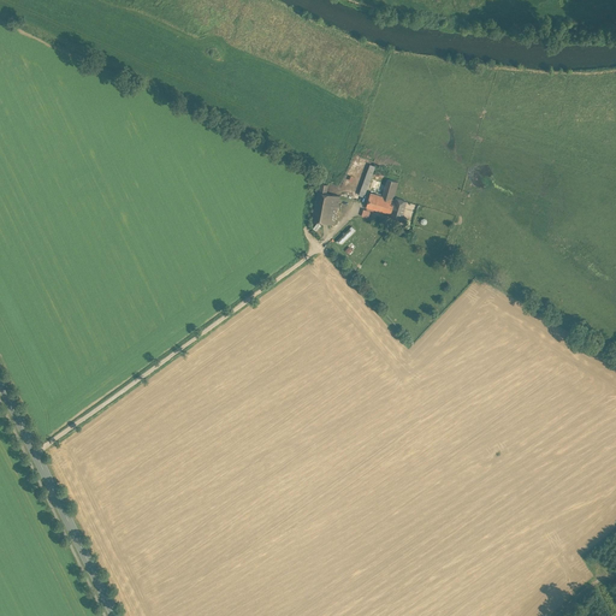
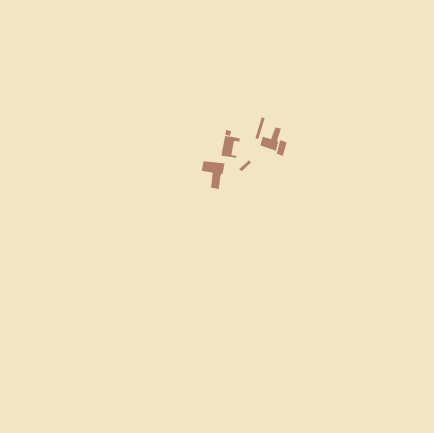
building: none -> [201,160,225,190]

